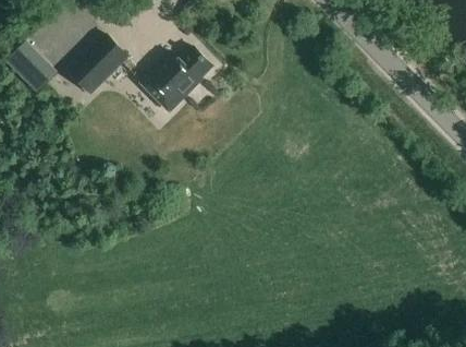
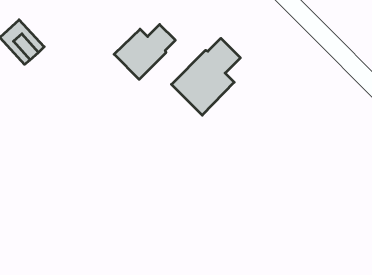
building: [66,35,128,97] -> none
building: none -> [171,38,240,115]

